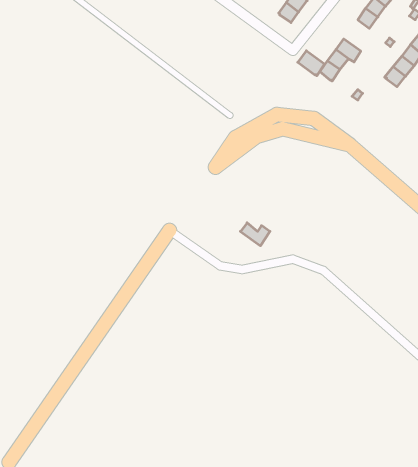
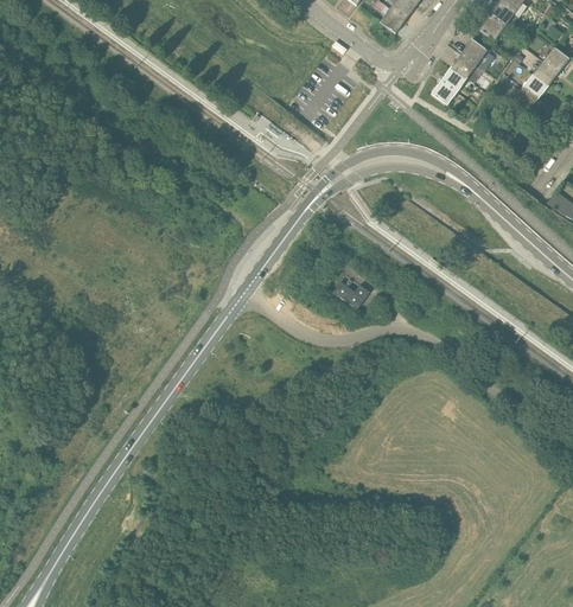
building: [298,51,324,76] -> [461,37,495,68]

